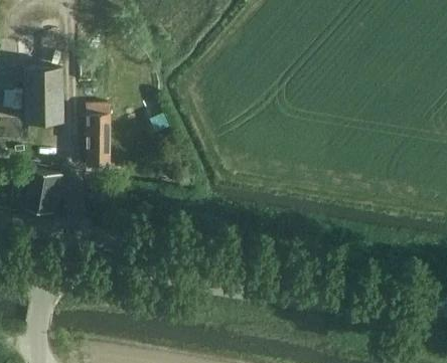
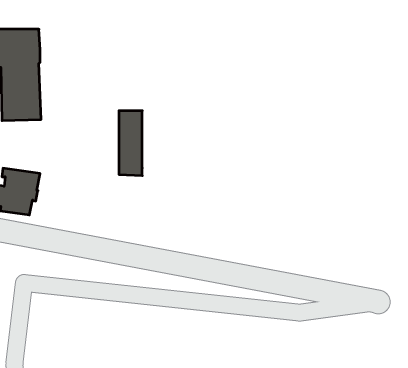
building: [88,107,110,168] -> [119,111,142,176]

